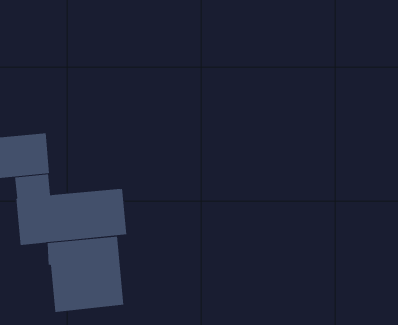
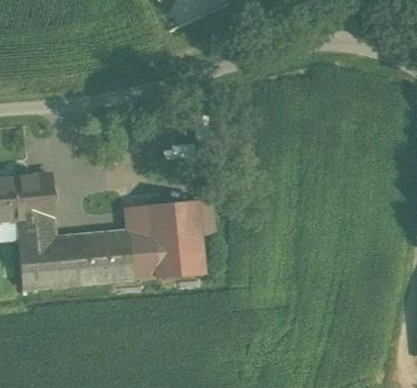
building: [47,236,124,312] -> [124,201,204,279]

